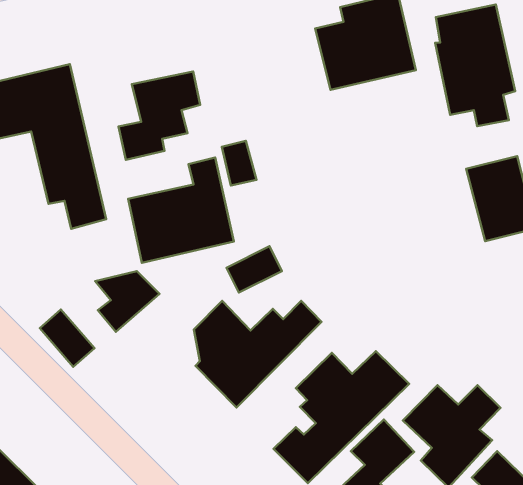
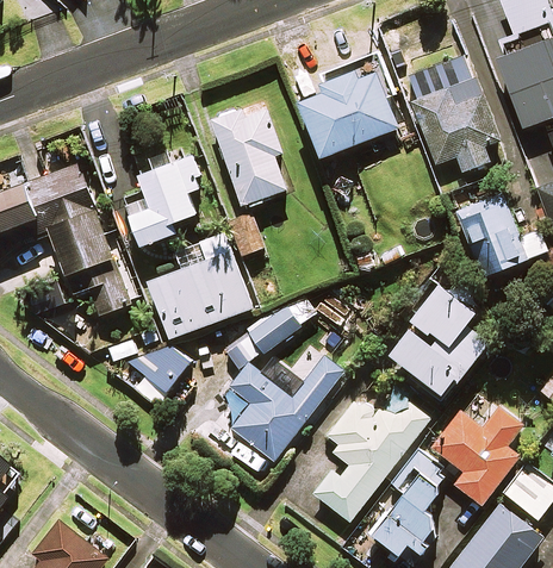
building: none -> [212,104,287,207]
building: none -> [387,282,487,395]
building: [40,309,94,367] -> none

